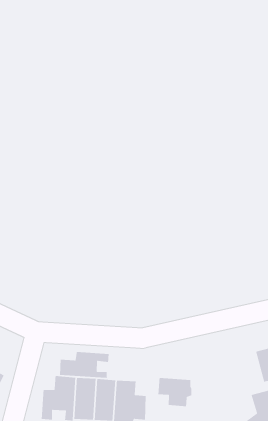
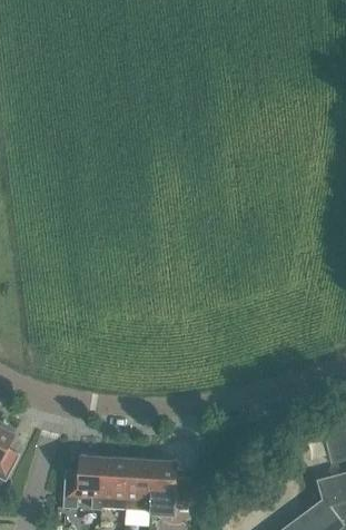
building: [59,351,109,379] -> none
building: [157,377,192,407] -> none

